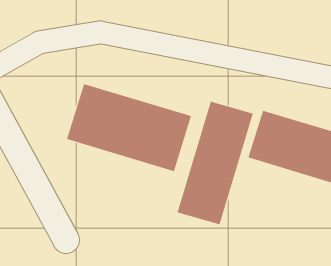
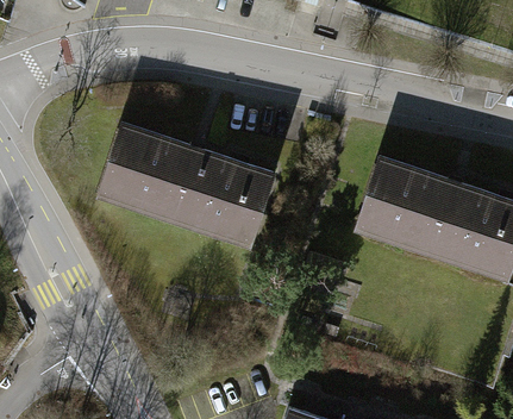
building: [177,101,253,225] -> none

